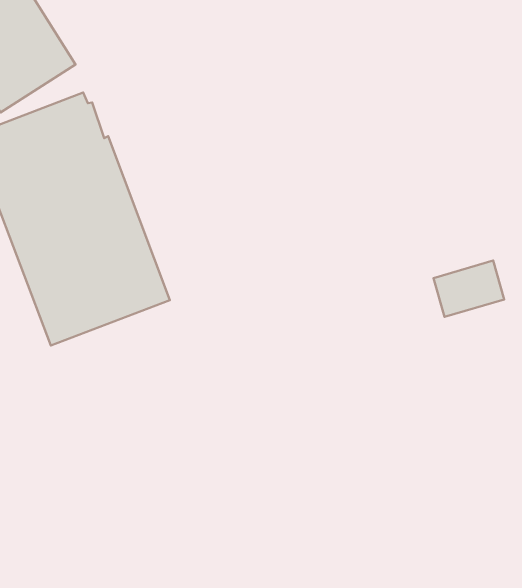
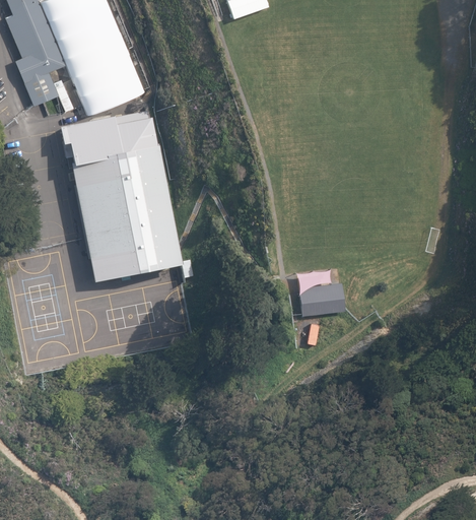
building: [434,261,504,317] -> [299,282,346,316]

